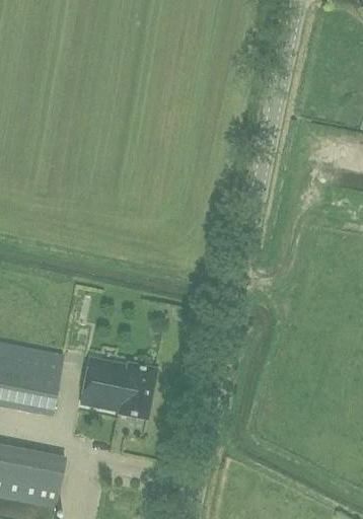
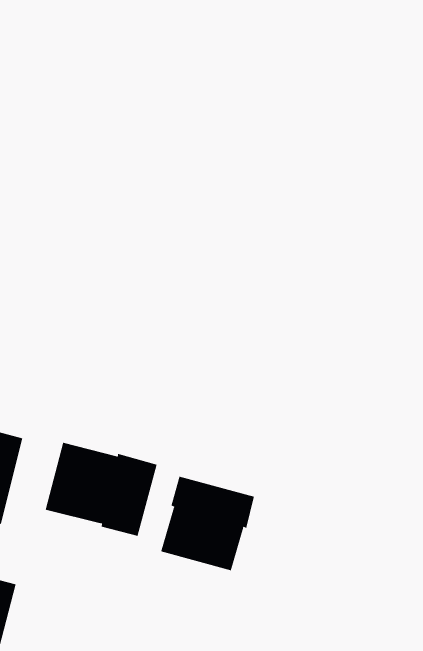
building: none -> [160,476,255,571]

